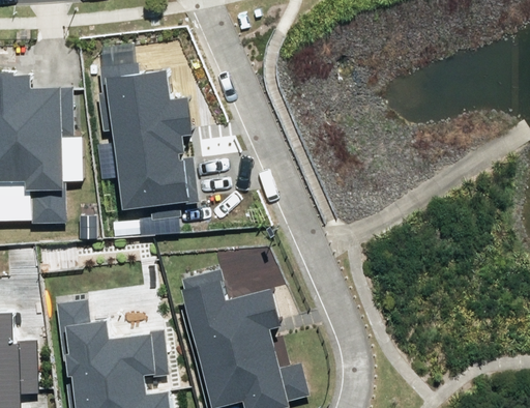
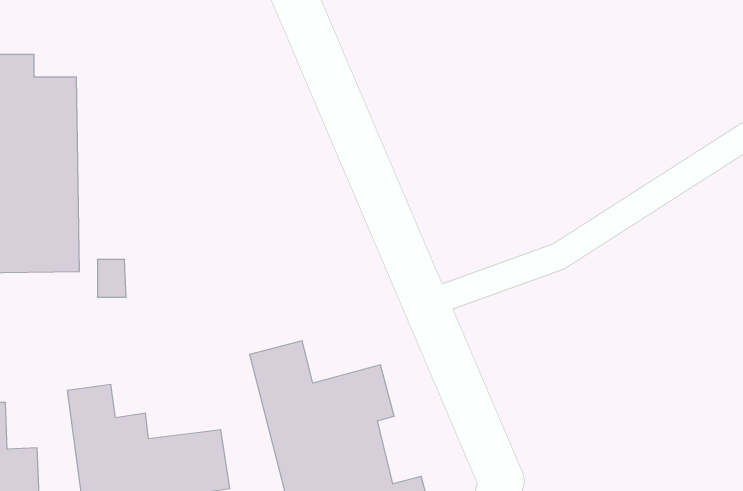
building: [107,66,193,210] -> none

